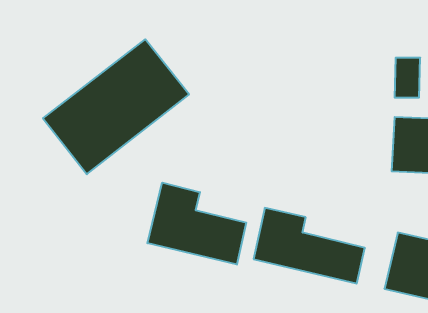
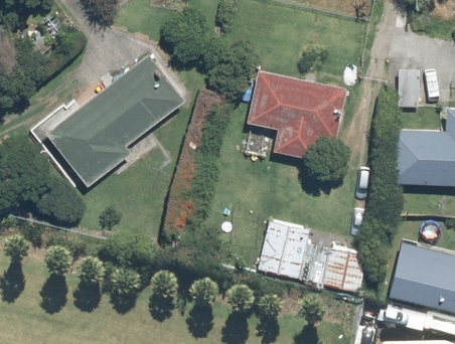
building: none -> [246,69,347,164]
building: [147,183,246,265] -> none

